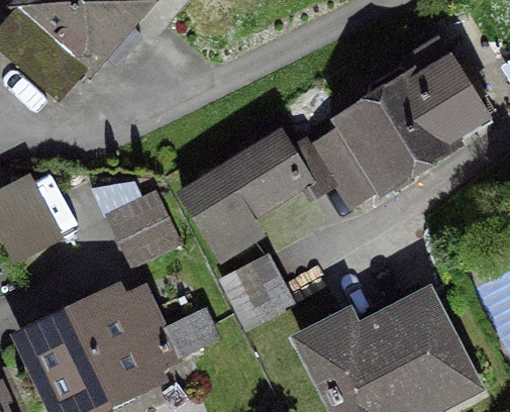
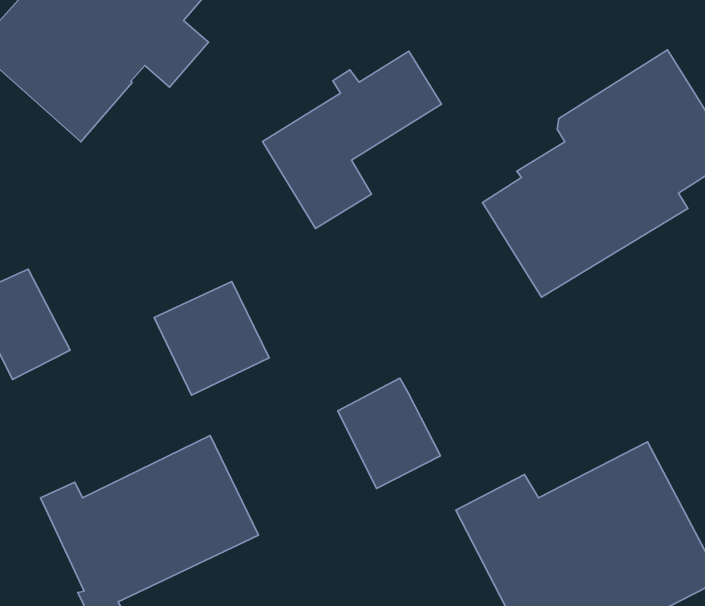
building: [183,140,299,255] -> [263,51,442,228]

